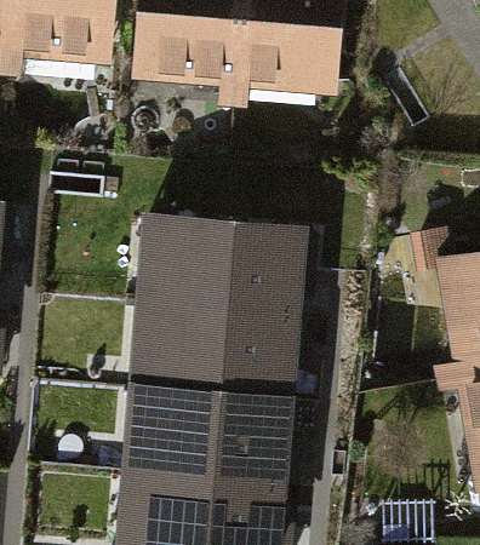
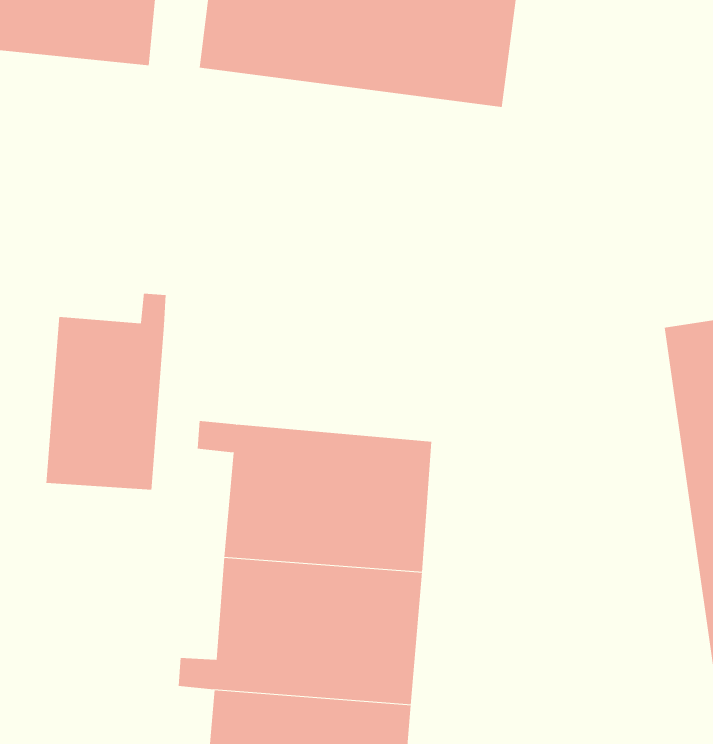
building: none -> [46,293,166,491]
building: [162,219,312,314] -> none

